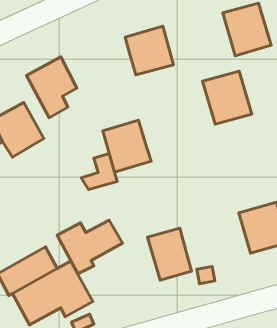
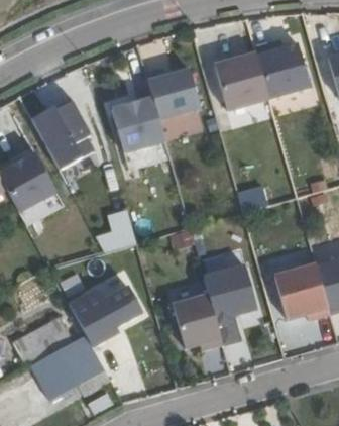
building: [203,71,252,124] -> [214,50,269,110]
building: [103,120,151,172] -> [110,96,164,154]
building: none -> [202,263,257,322]

